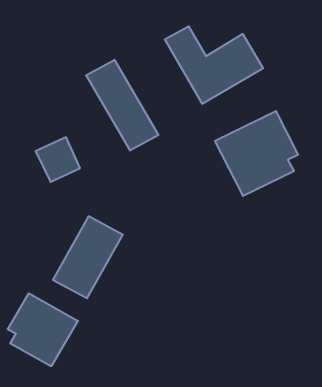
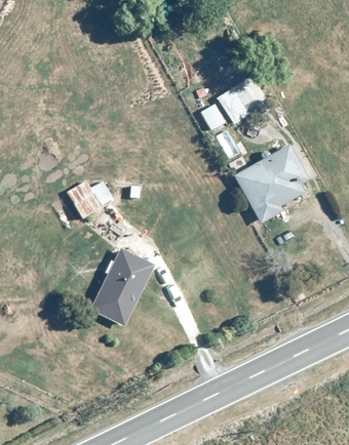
building: [86,60,158,151] -> none
building: [8,293,78,366] -> none

